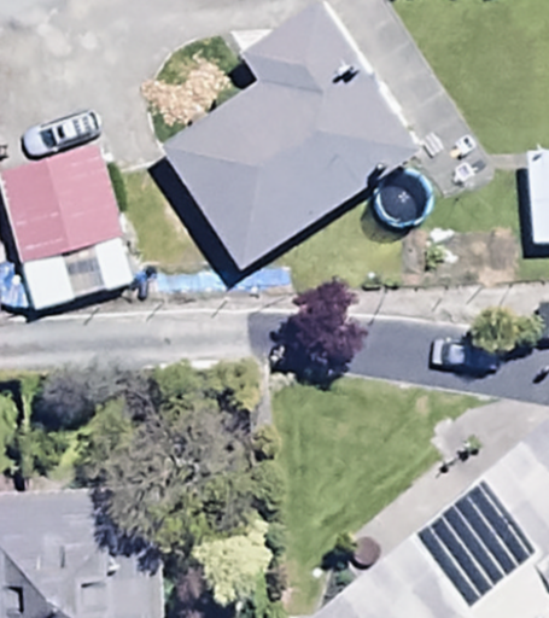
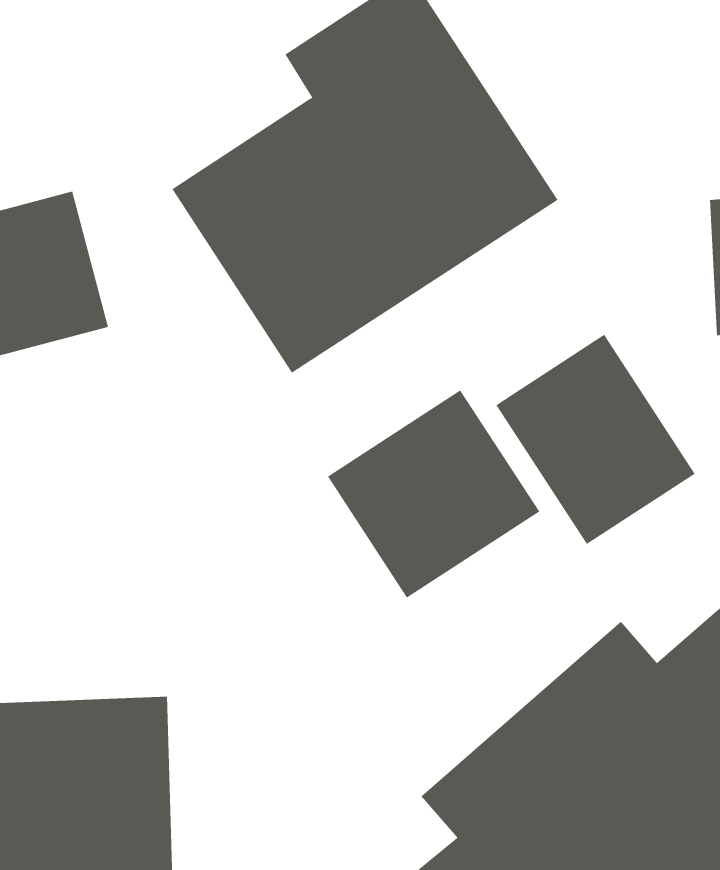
building: none -> [495,334,695,545]
building: none -> [327,389,540,598]

